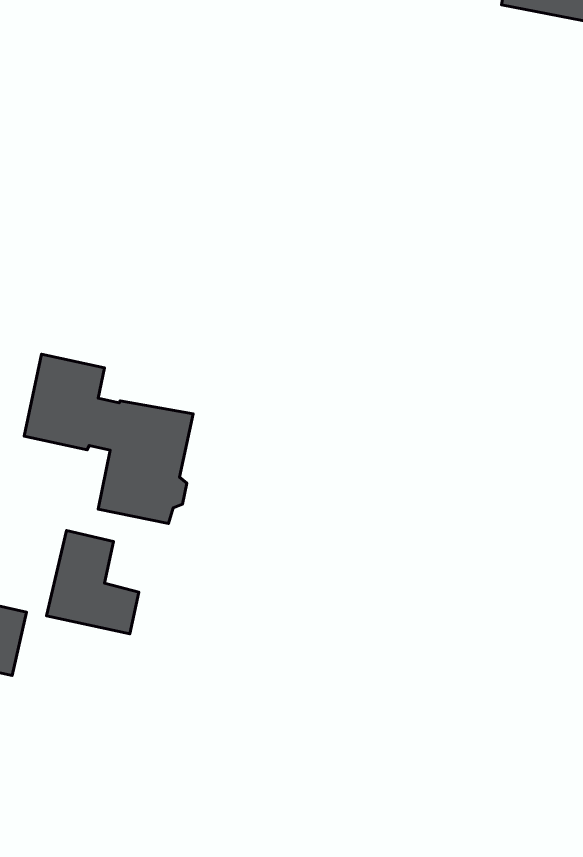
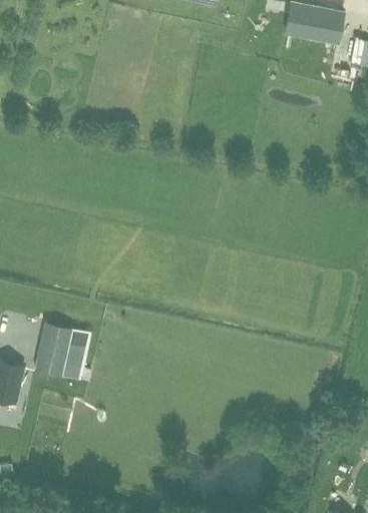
building: [24,354,193,524] -> none

